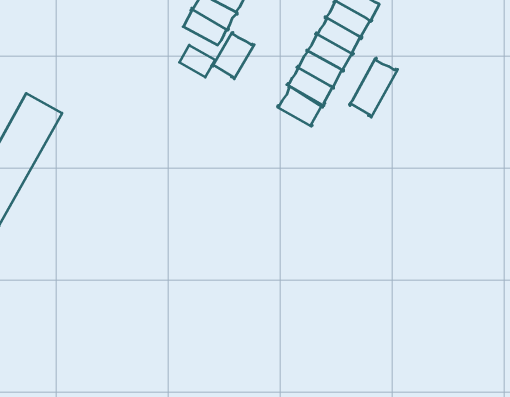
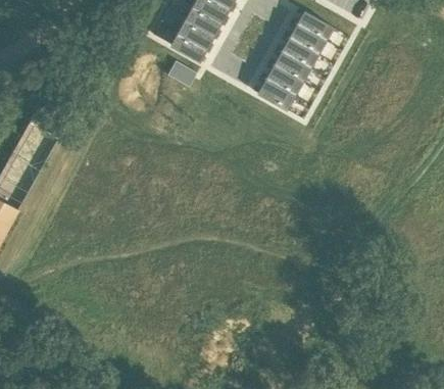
building: [212,32,254,79] -> none
building: [349,58,398,117] -> none
building: [278,86,323,126] -> none

